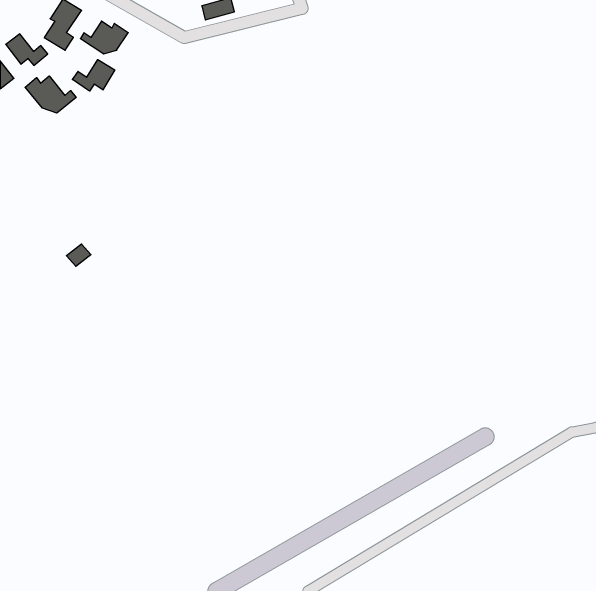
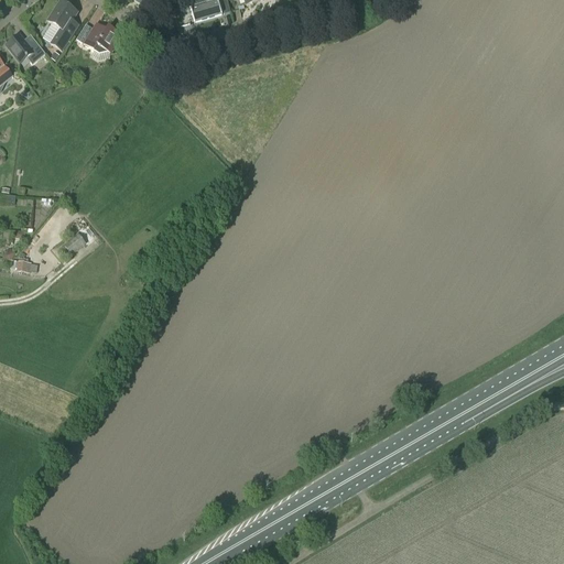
building: [72,60,115,91] -> none
building: [25,76,76,113] -> none

